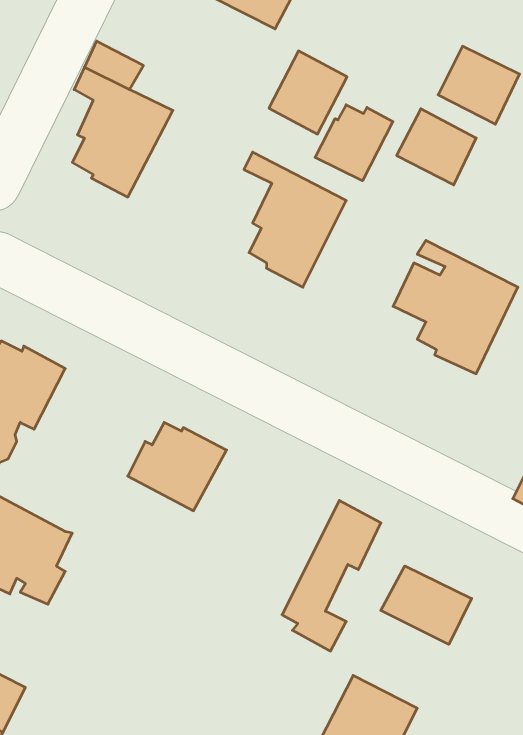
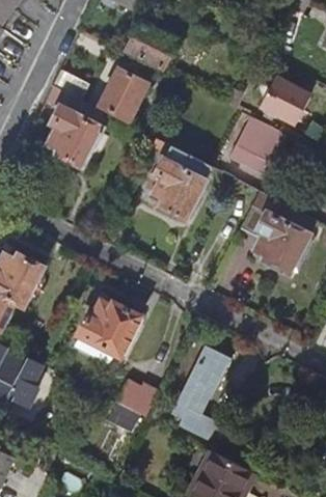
building: [269,51,347,134] -> [103,68,150,118]
building: [315,105,393,181] -> none
building: none -> [113,382,154,419]
building: [381,566,472,644] -> none

